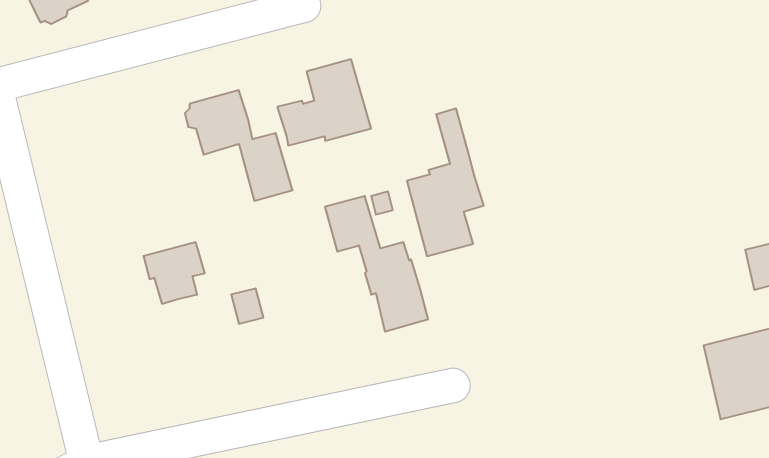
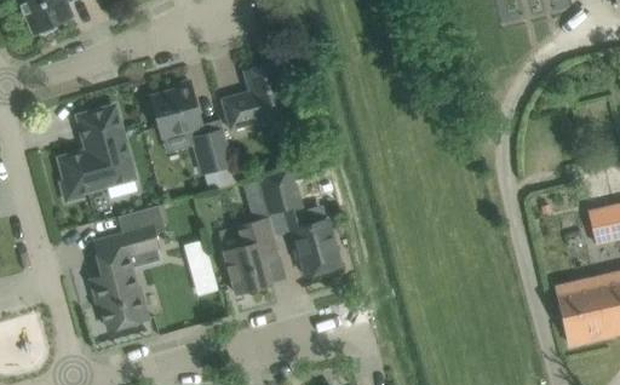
building: [407,108,484,256] -> [220,178,281,294]
building: none -> [61,107,134,200]
building: none -> [91,255,149,329]

